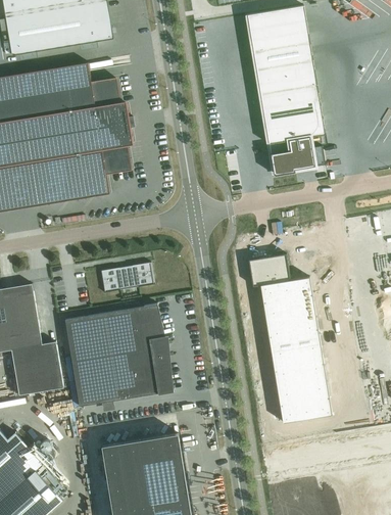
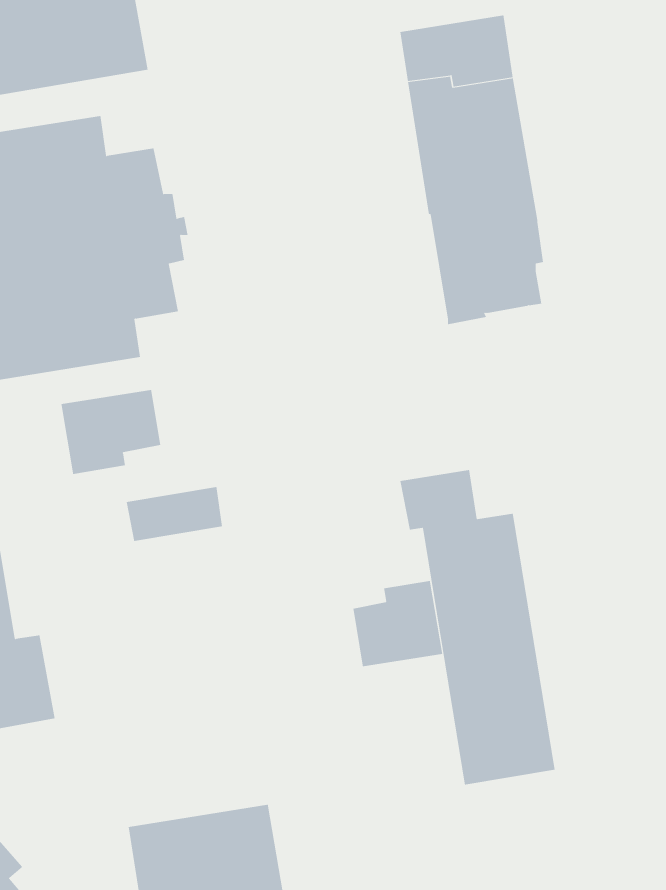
building: none -> [61,389,161,475]
building: [64,303,170,405] -> none
building: none -> [353,580,443,667]

